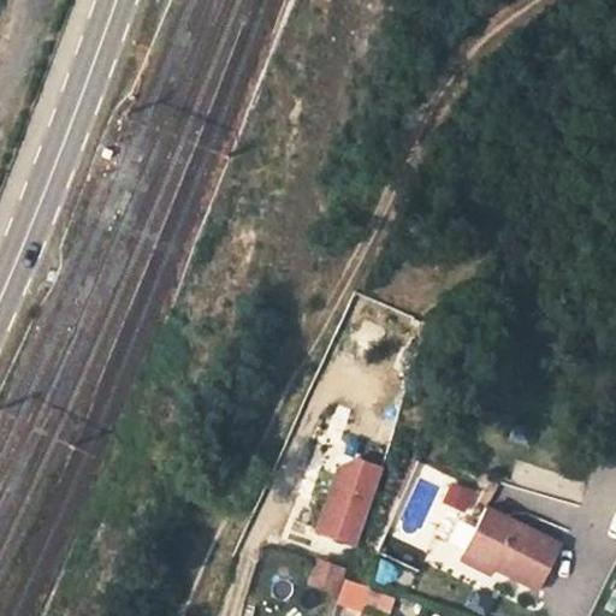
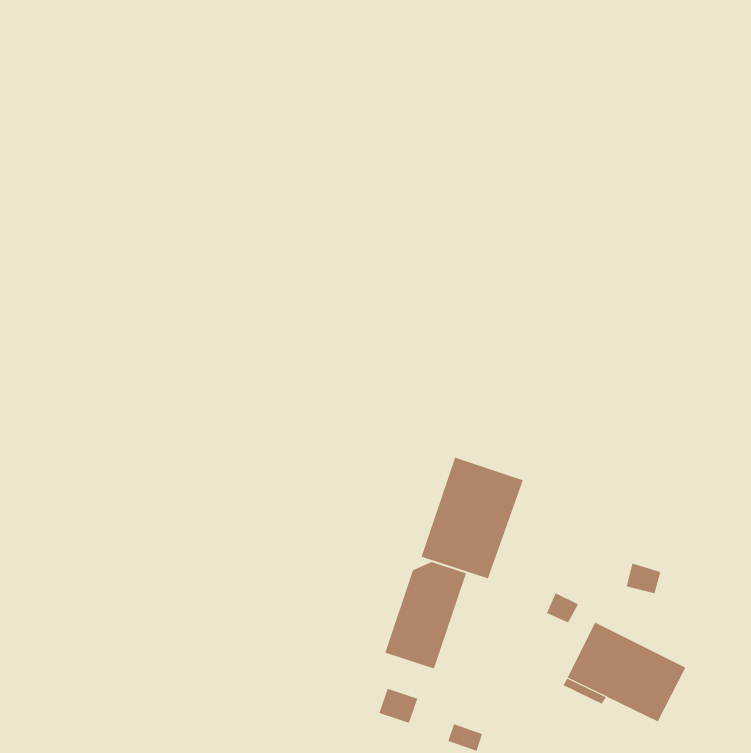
building: none -> [421,457,523,579]

